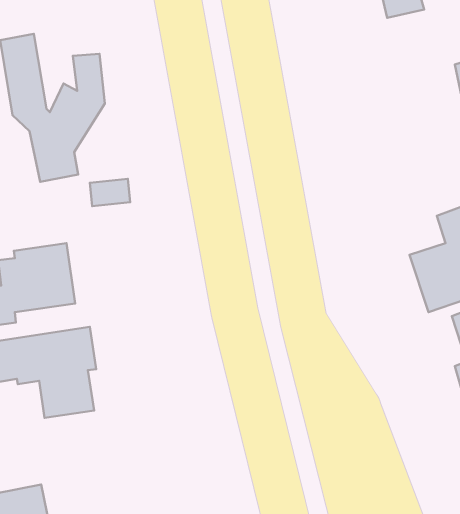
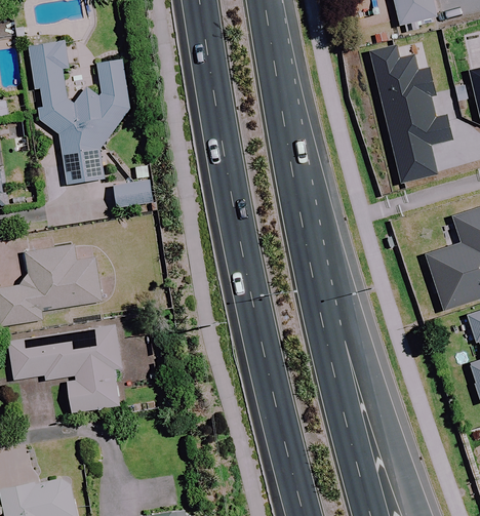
building: none -> [368,45,450,183]

